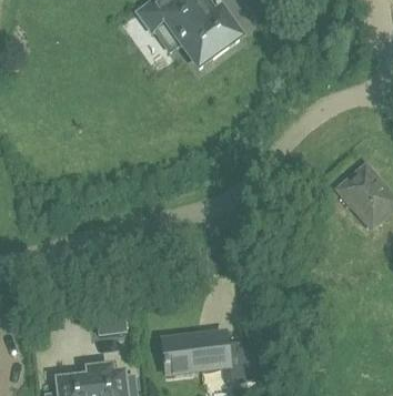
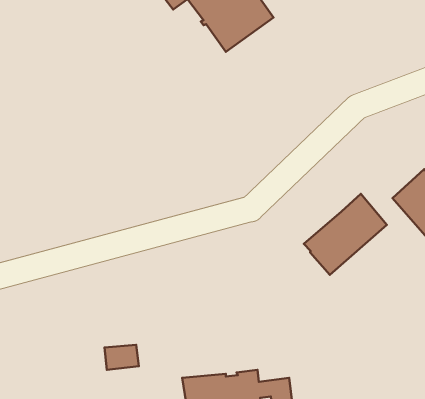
building: none -> [304,194,387,275]

